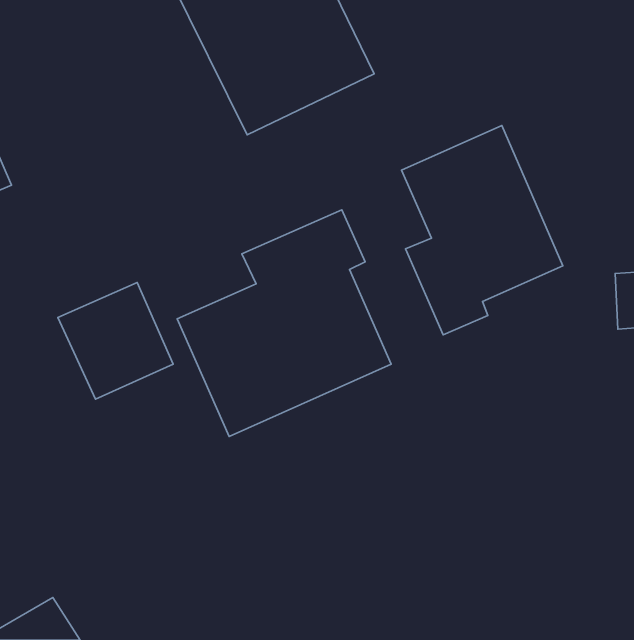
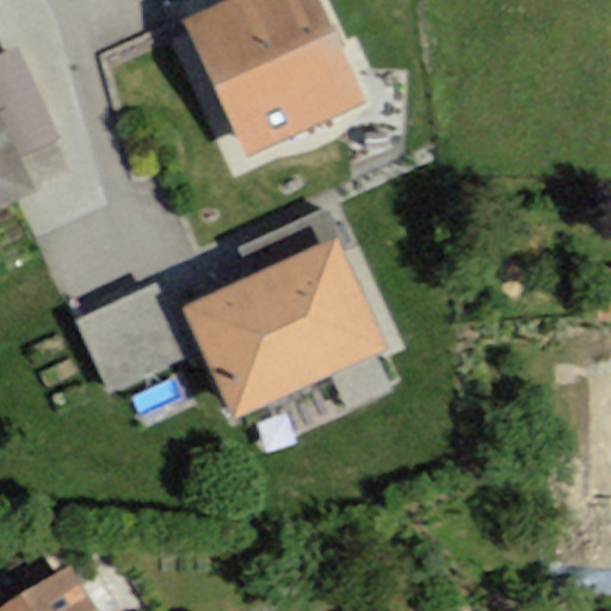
building: [401,126,563,335] -> none

